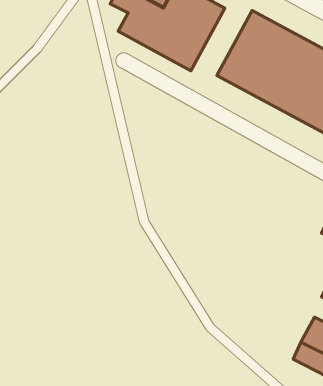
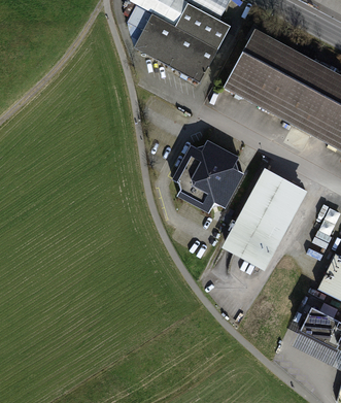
building: none -> [173,140,243,211]
building: none -> [227,172,302,264]

